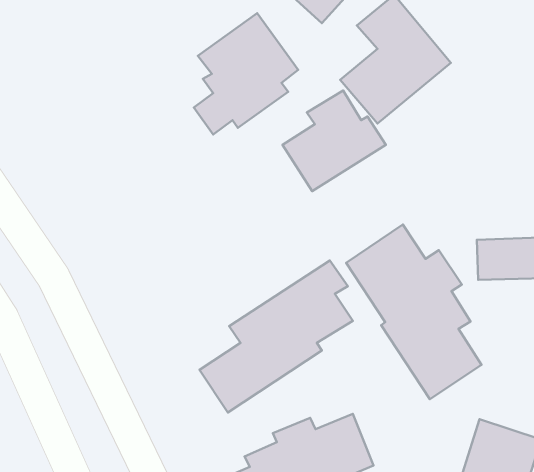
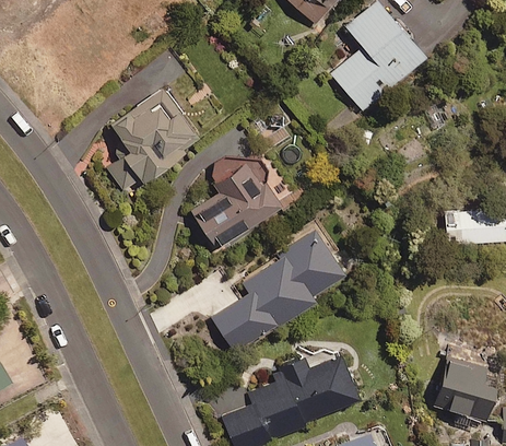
building: [194,13,298,134] -> [107,87,196,190]
building: [282,91,386,191] -> [195,162,282,247]
building: [346,224,481,399] -> none

